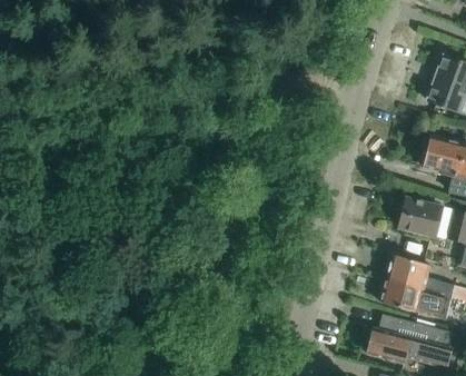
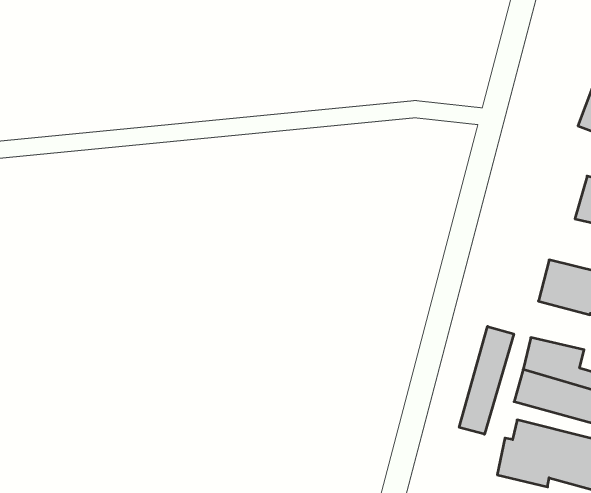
building: none -> [459,326,514,434]

